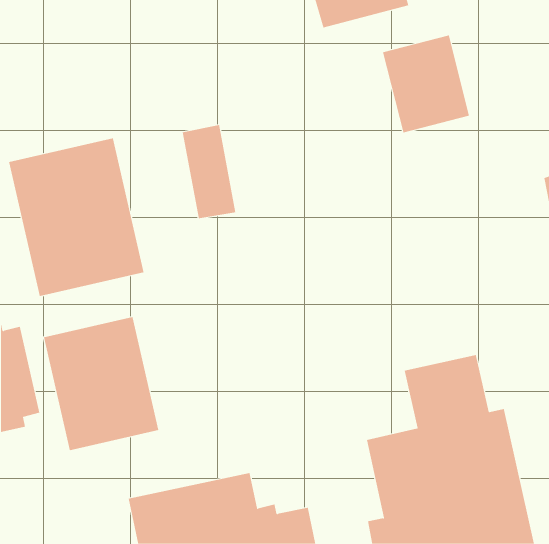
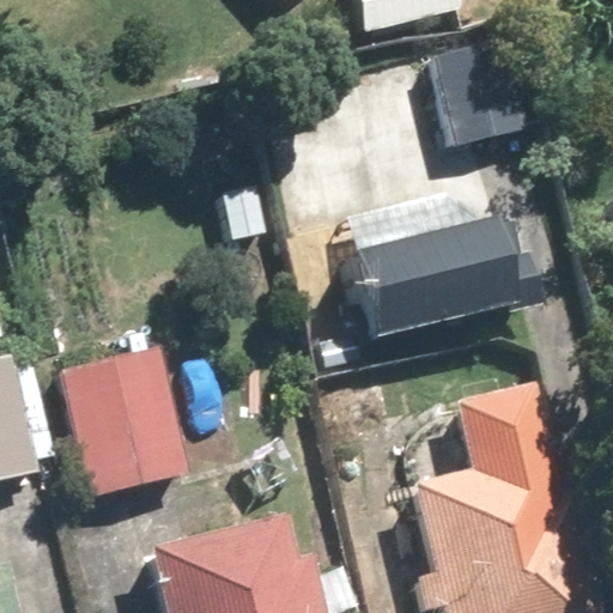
building: [9,138,144,297] -> none
building: none -> [345,189,540,341]

